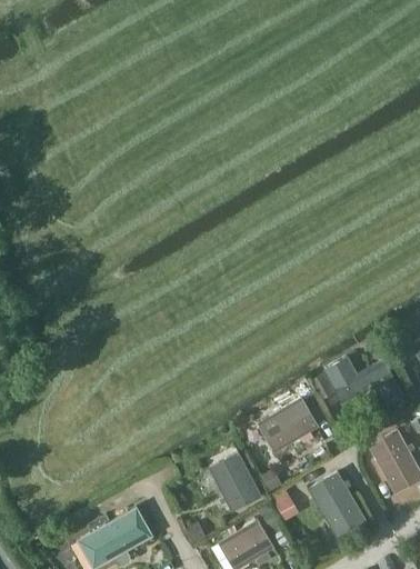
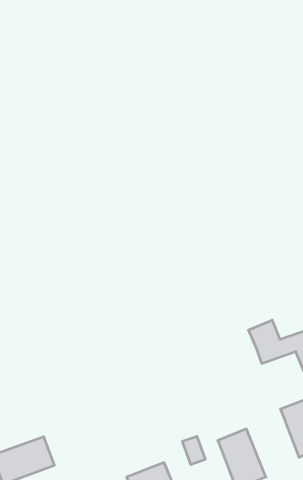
building: [258,398,318,451] -> none
building: [211,452,261,511] -> none

